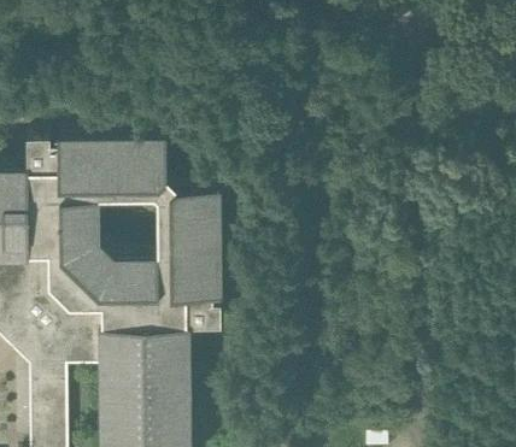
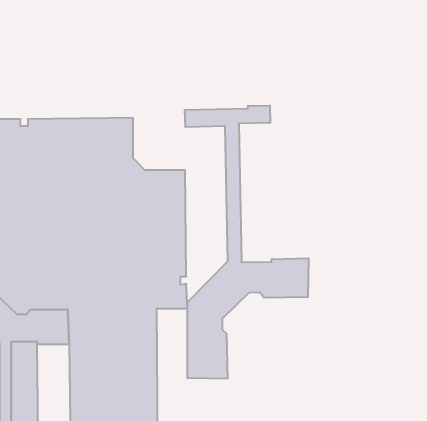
building: none -> [185,105,309,379]

